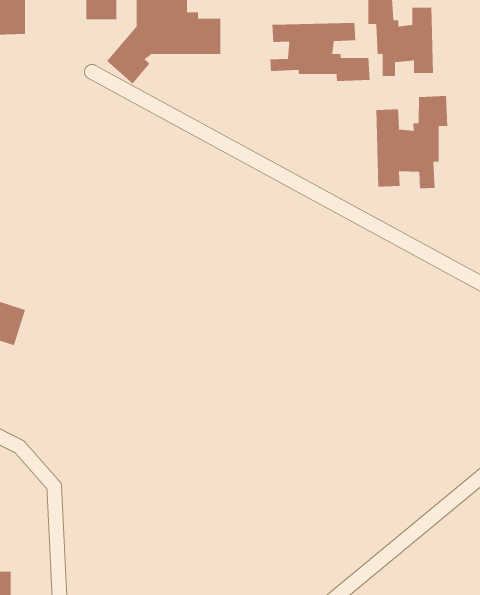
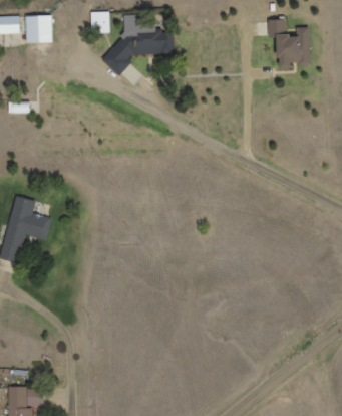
building: [270,22,370,82] -> none
building: [376,95,448,189] -> none

